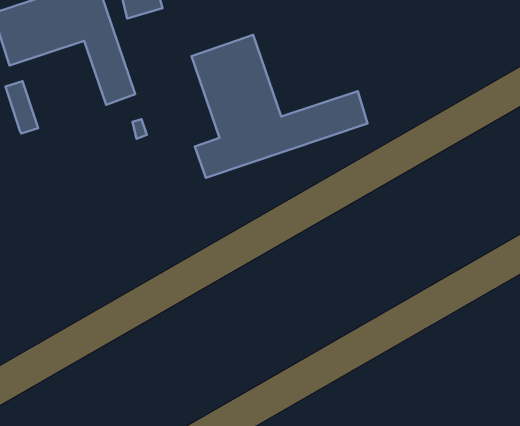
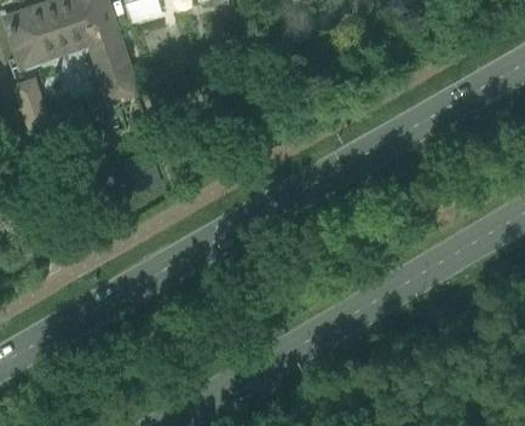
building: [192,35,368,178] -> none

